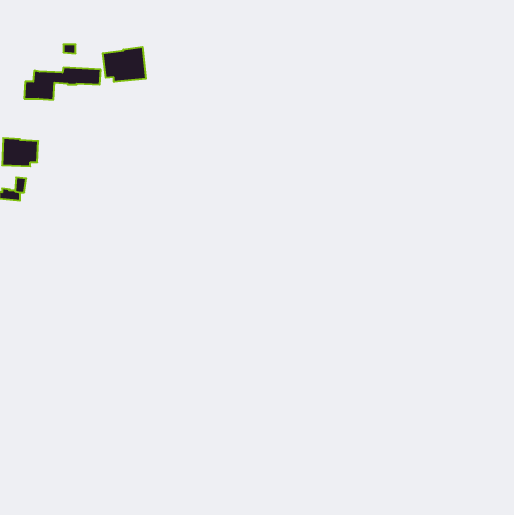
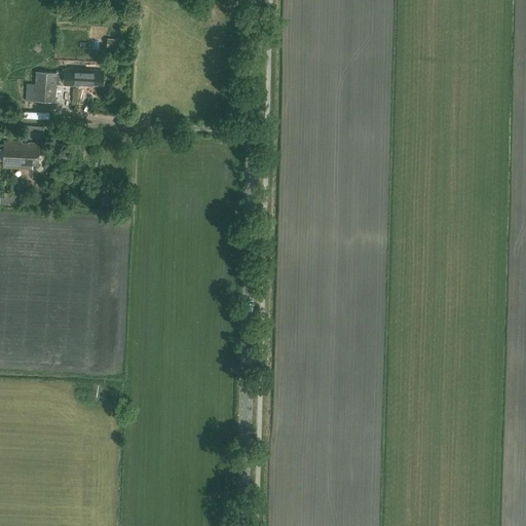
building: [103,47,146,82] -> none

